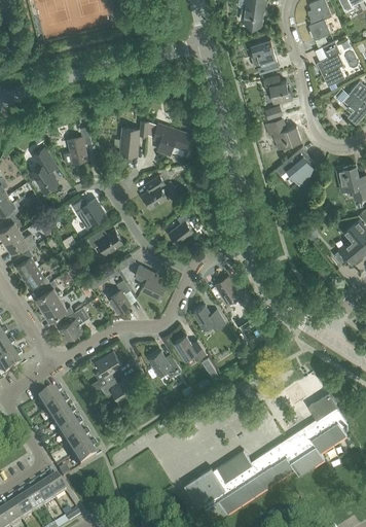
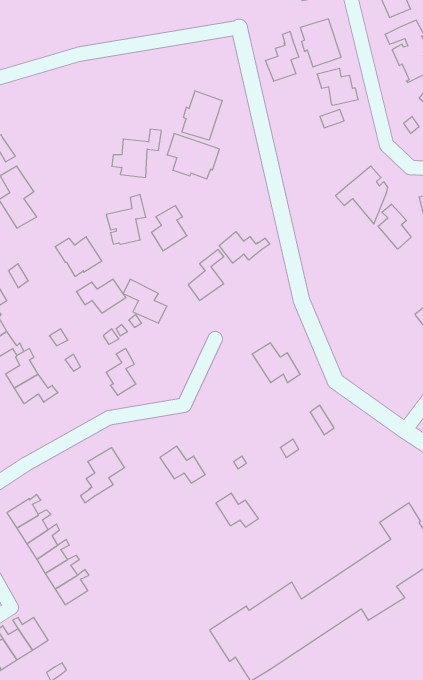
building: none -> [265,31,299,81]
building: none -> [182,91,222,140]
building: [267,124,301,149] -> none
building: [63,127,92,163] -> [106,195,146,244]
building: none -> [378,204,411,249]
building: none -> [219,232,270,263]
building: [134,266,166,297] -> [123,279,167,323]
building: [193,305,225,329] -> none
building: [60,307,89,340] -> none
building: [175,336,206,360] -> [216,493,258,527]
building: [101,377,138,402] -> none

